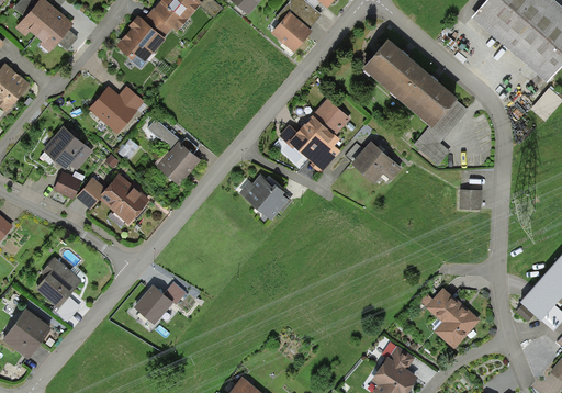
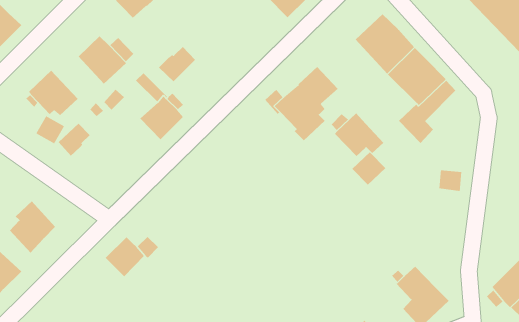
building: none -> [158,46,196,82]
building: [99,173,149,224] -> none
building: [238,173,289,221] -> none
building: none -> [352,152,386,185]

